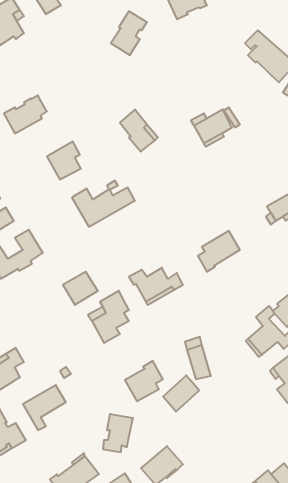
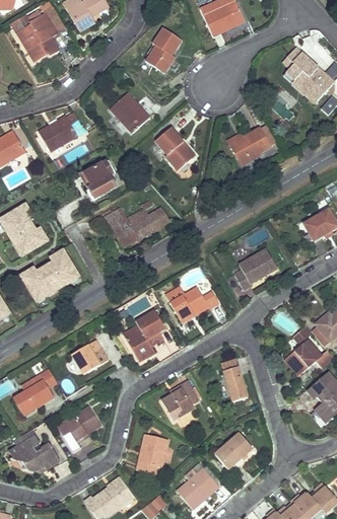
building: none -> [111,91,150,130]
building: [63,272,98,305] -> [72,340,108,373]
building: [163,375,199,412] -> [216,434,253,470]

